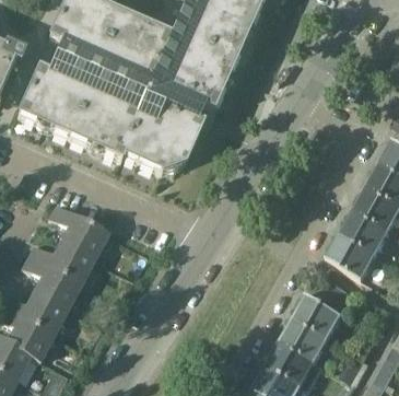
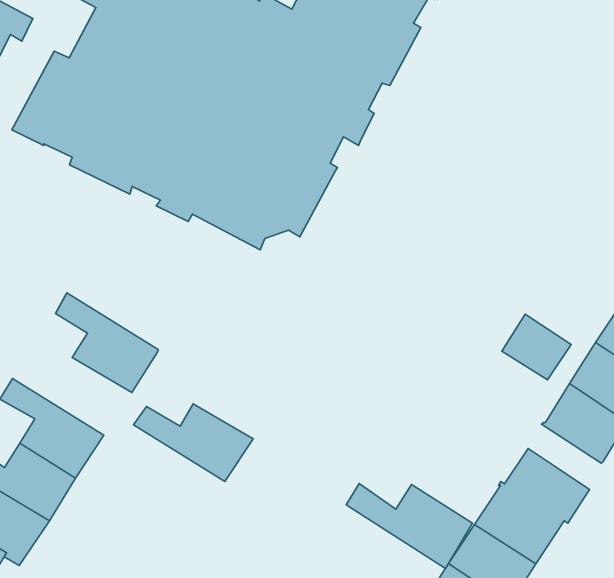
building: none -> [502,314,571,380]
building: [27,238,95,281] -> [134,404,253,482]
building: none -> [346,484,473,568]

